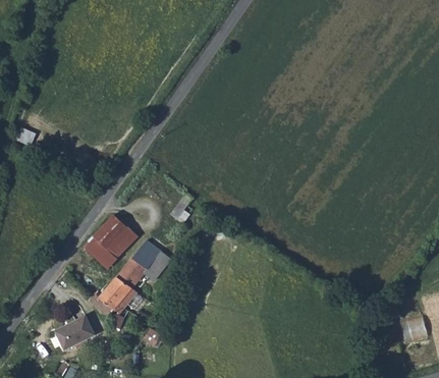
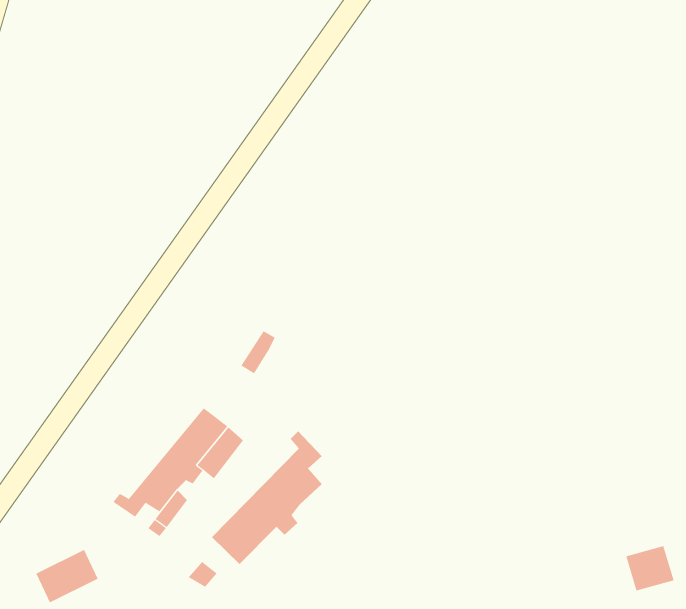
building: [86,212,139,265] -> none
building: none -> [211,431,322,565]

